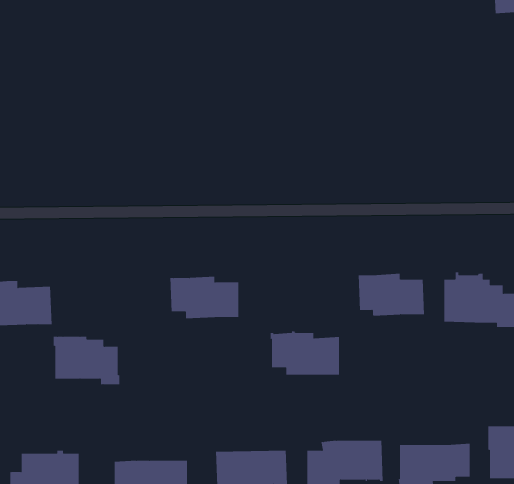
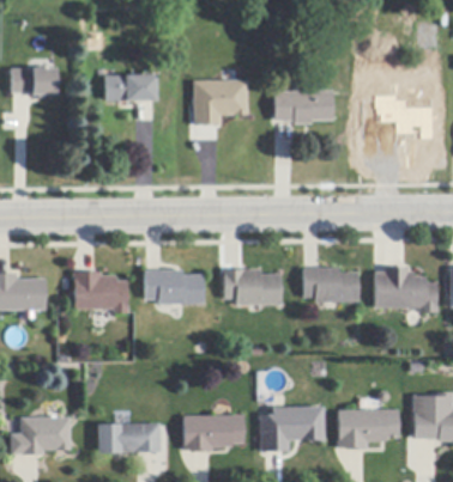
building: none -> [12,68,56,97]
building: none -> [104,74,156,102]
building: none -> [191,77,247,122]
building: none -> [274,90,333,124]
building: [270,331,340,375] -> [223,268,282,305]
building: [53,336,120,385] -> [73,273,129,313]

